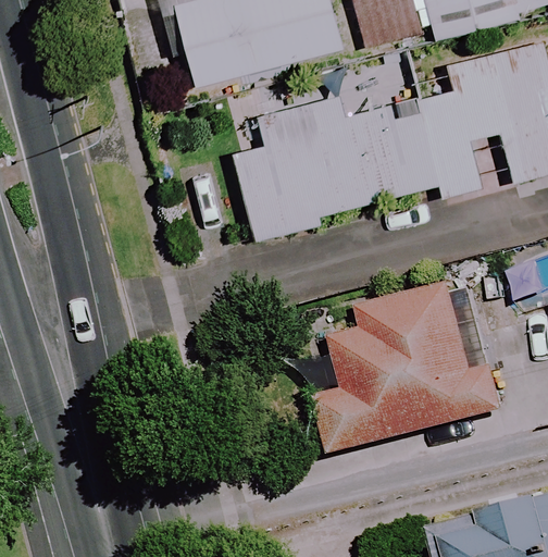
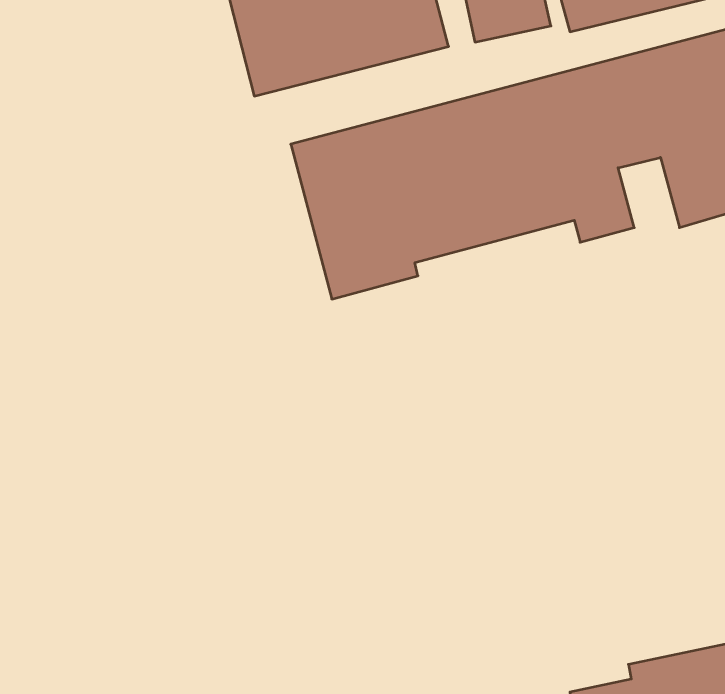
building: [314,281,506,456] -> none

